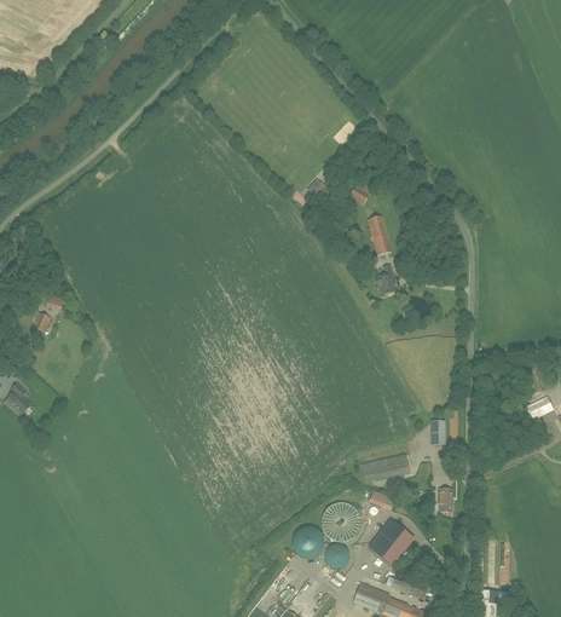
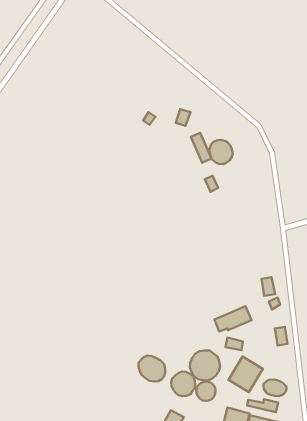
building: none -> [210,140,233,164]
building: none -> [138,356,165,382]
building: none -> [263,379,287,396]

